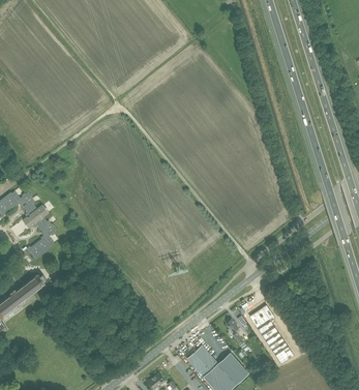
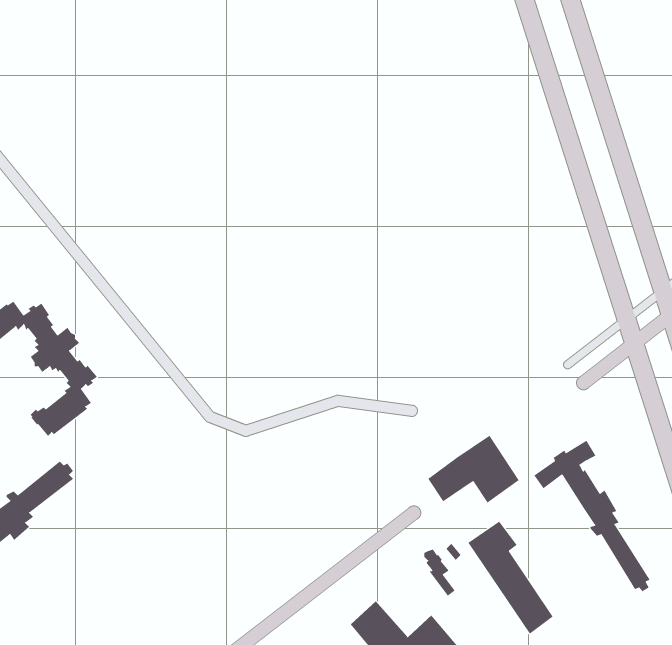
building: none -> [427,435,520,504]
building: none -> [534,440,651,592]

